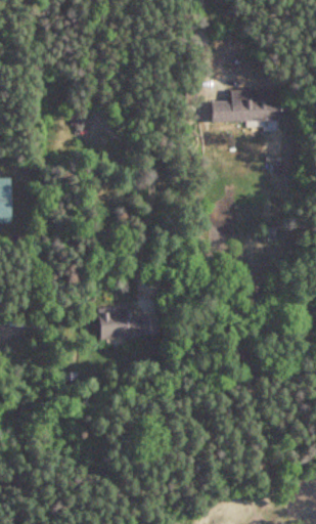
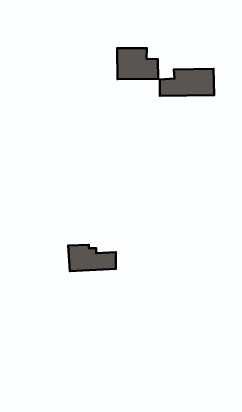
building: none -> [117,48,158,79]

